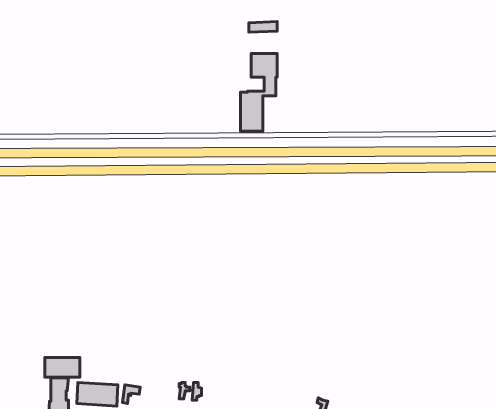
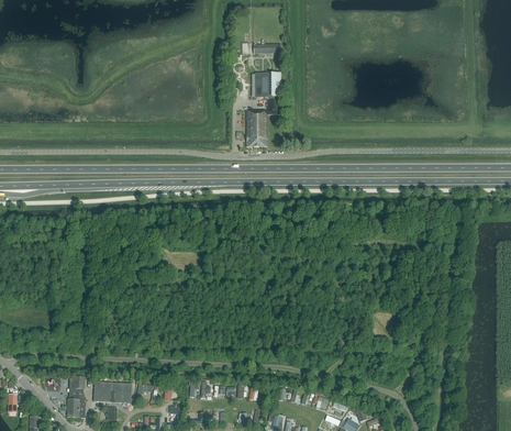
building: [45,357,80,377] -> none

